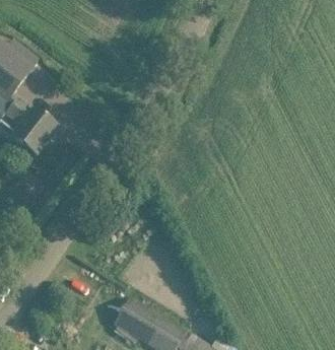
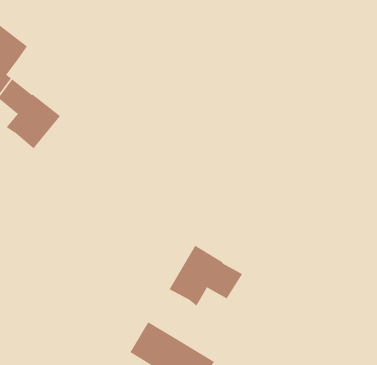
building: none -> [169,245,243,306]

